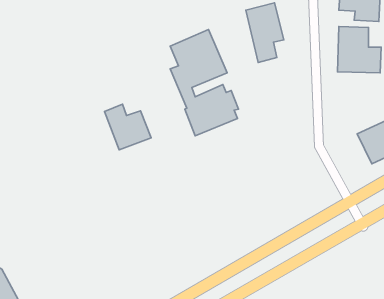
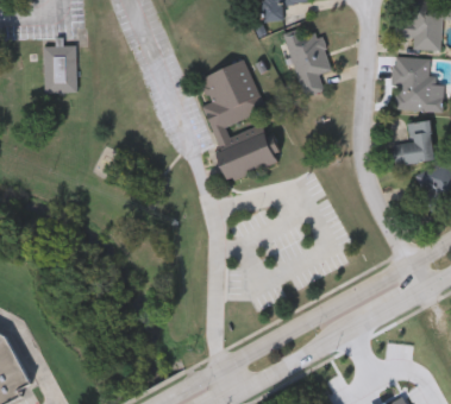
building: none -> [44,46,76,93]
building: none -> [393,119,433,163]
building: [104,104,151,150] -> none

